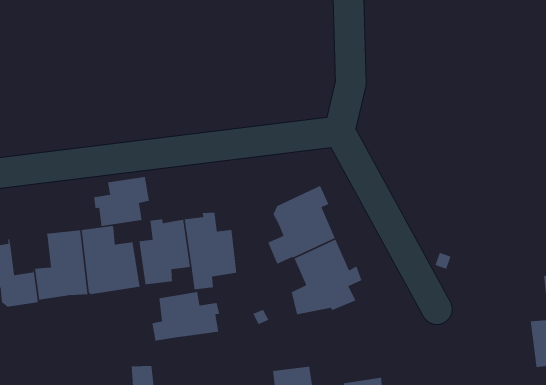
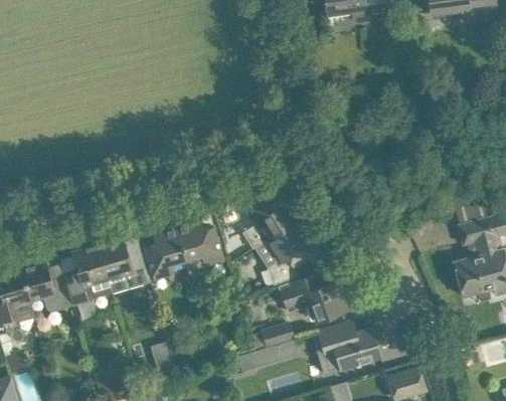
building: [93,176,150,227] -> none
building: [152,291,220,341] -> none
building: none -> [279,273,351,322]

